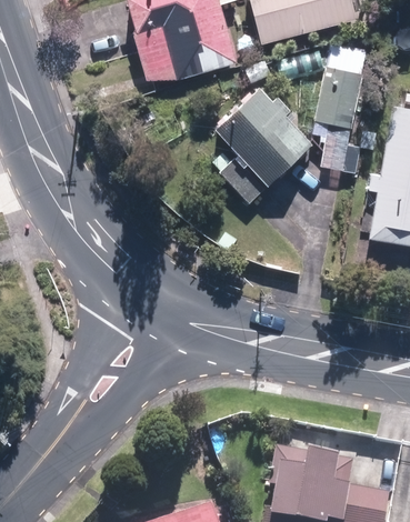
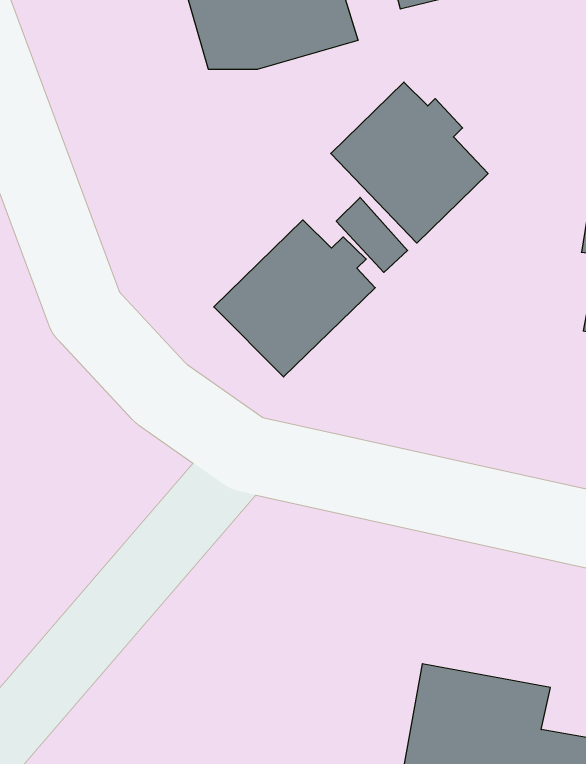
building: [318,62,364,171] -> none
building: none -> [214,220,375,377]

